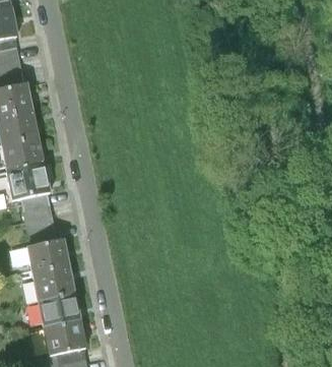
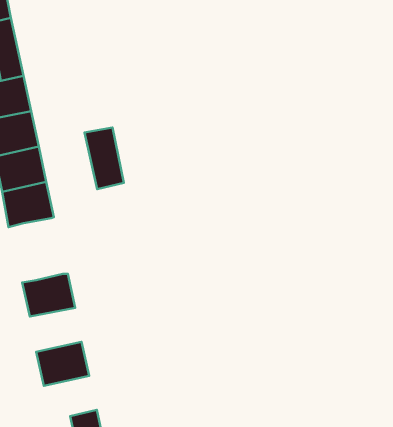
building: [25,194,57,244] -> [85,127,124,189]
building: [30,266,72,302] -> none
building: [42,321,84,357] -> none

